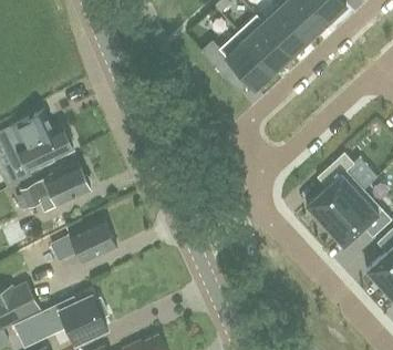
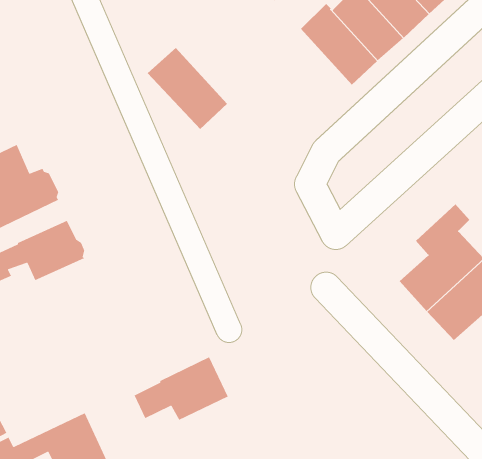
building: [218,32,273,89] -> [147,47,228,130]
building: [51,218,116,262] -> [133,356,229,421]

